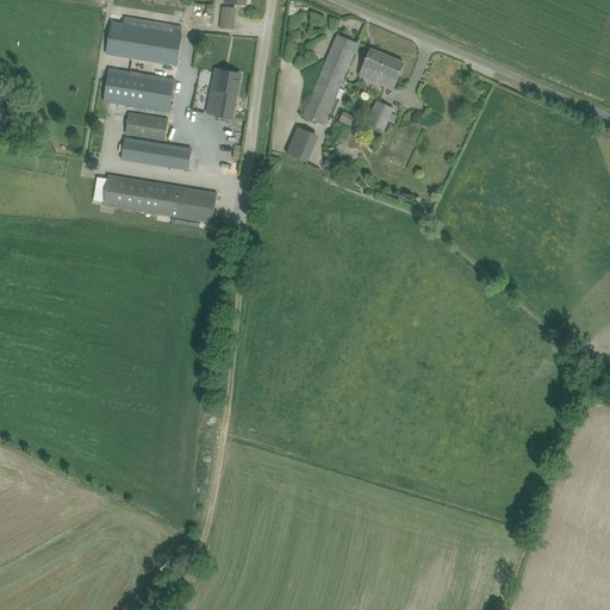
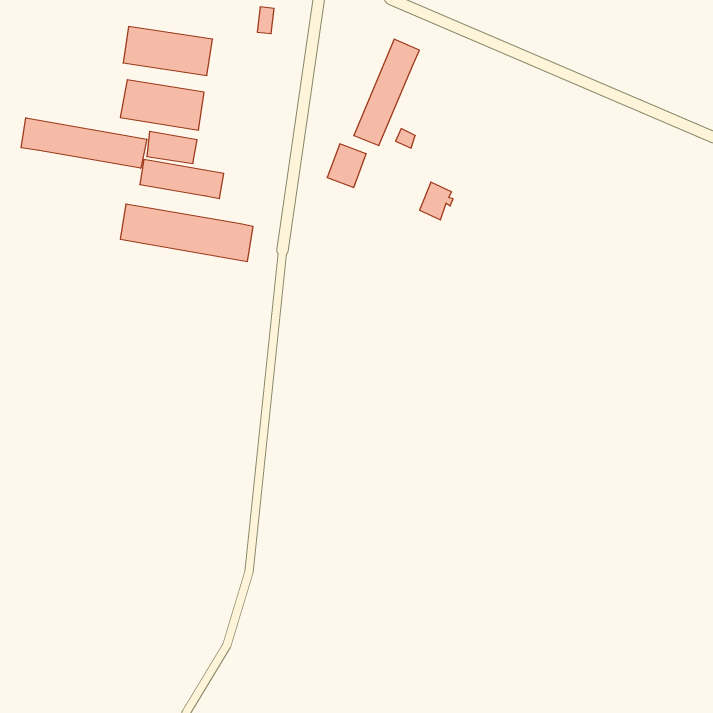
building: [359,48,403,88] -> none
building: [212,69,239,118] -> none
building: [366,99,394,131] -> [420,182,453,220]
building: none -> [21,118,147,168]

